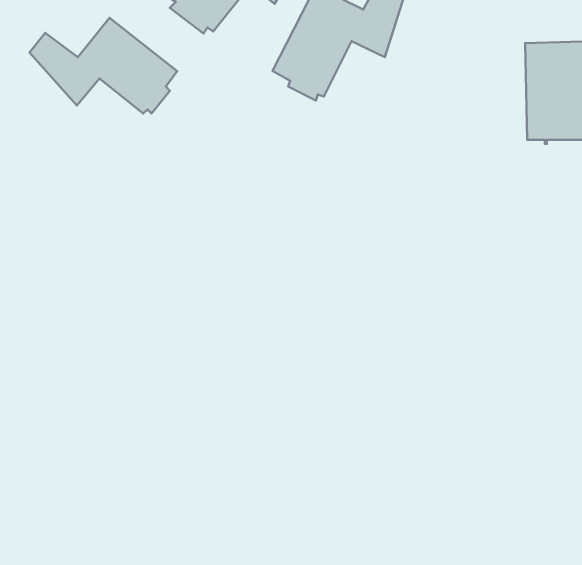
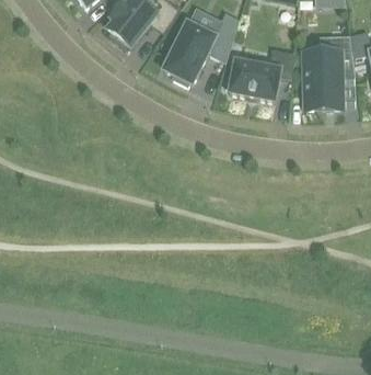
building: [29,18,177,114] -> none
building: none -> [223,47,292,101]

